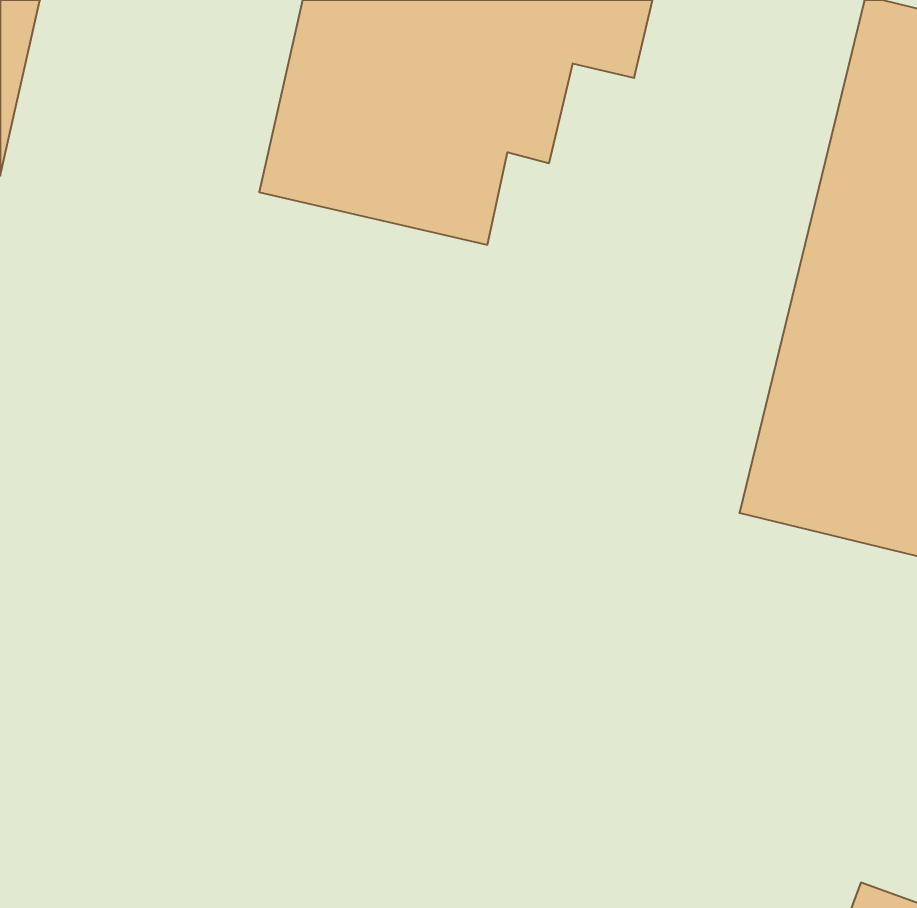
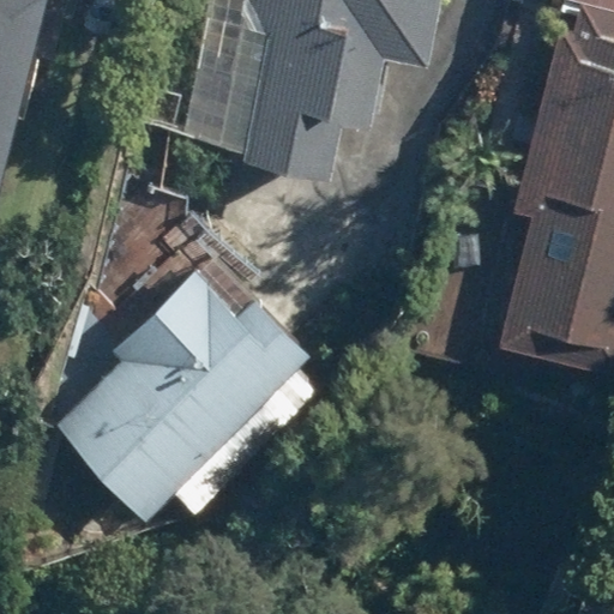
building: none -> [60,270,305,512]

